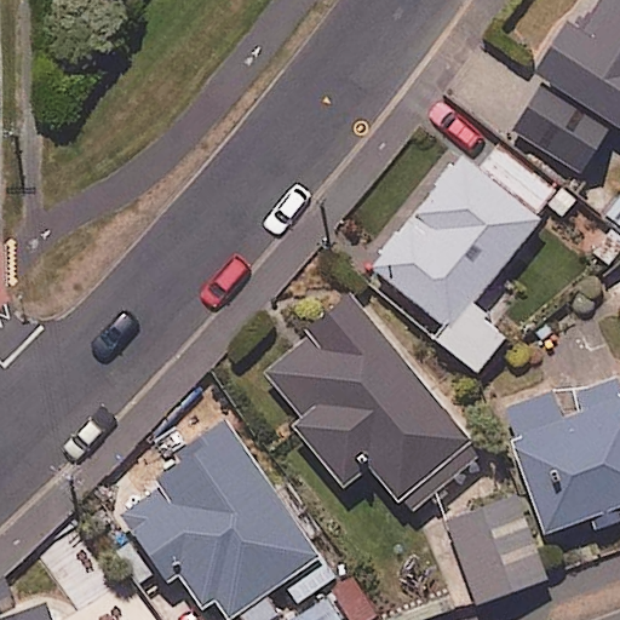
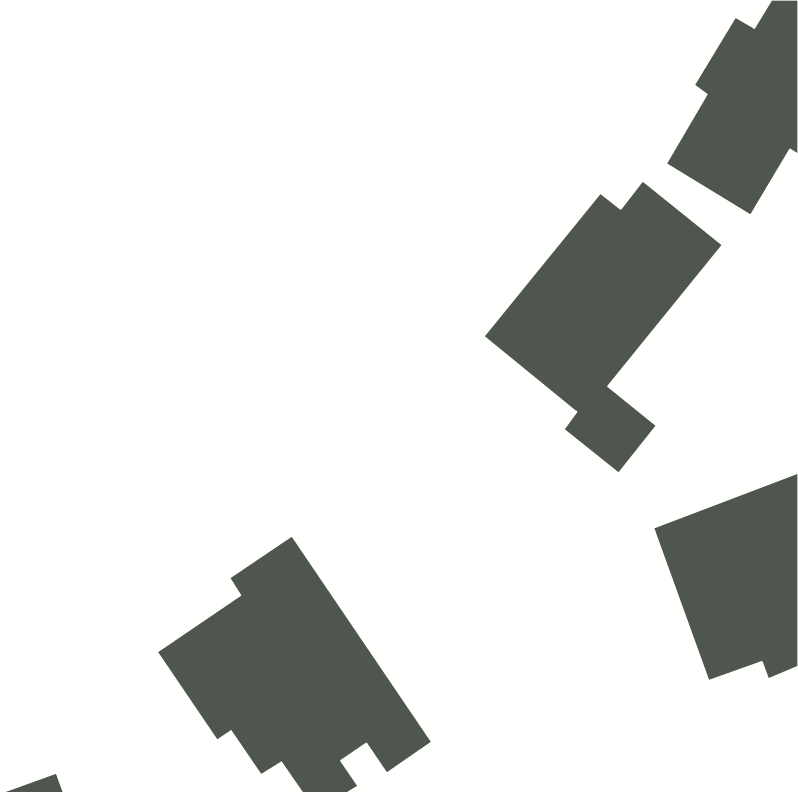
building: [266,303,481,515] -> none
building: [446,493,547,604] -> none

